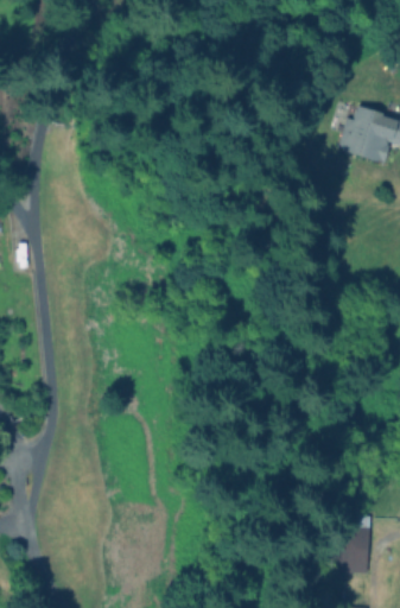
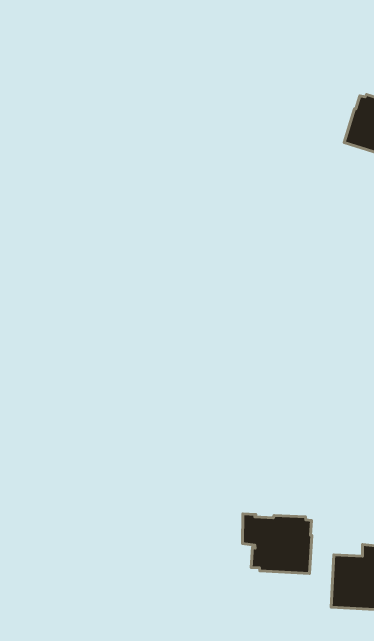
building: none -> [242,514,312,573]

